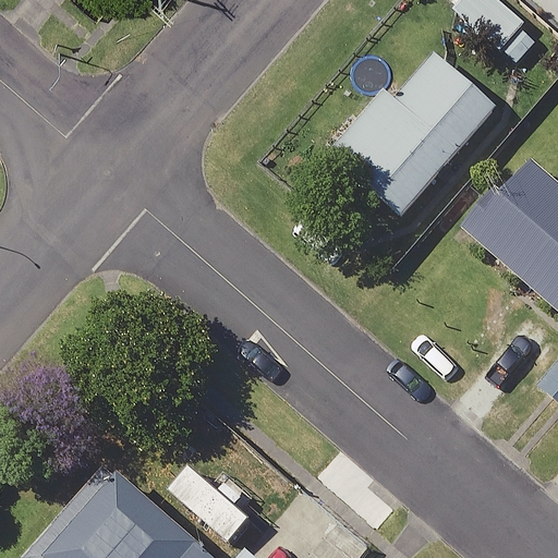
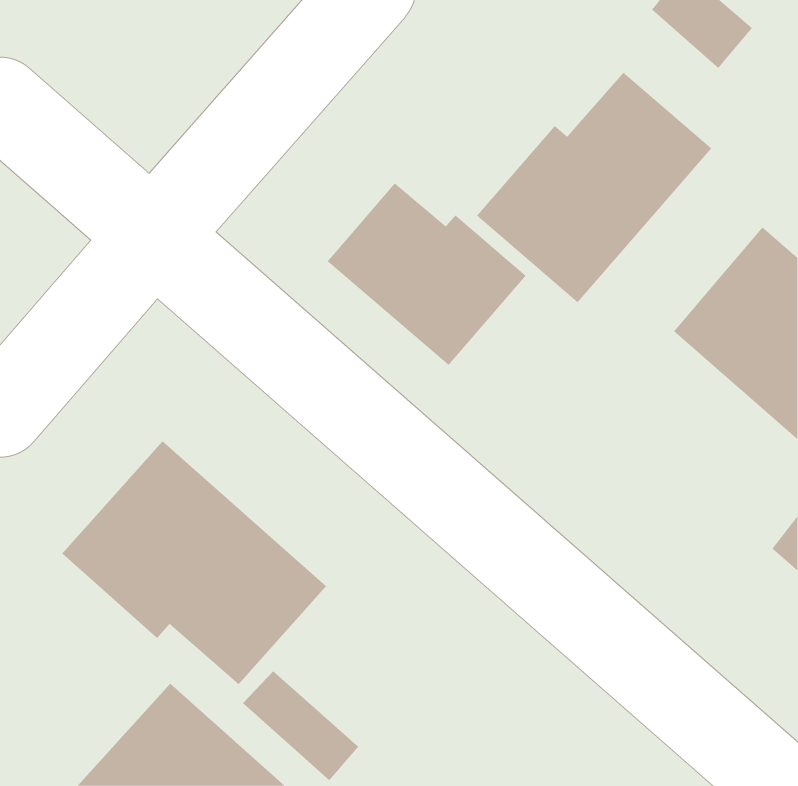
building: none -> [327,183,526,366]
building: none -> [62,440,327,685]

